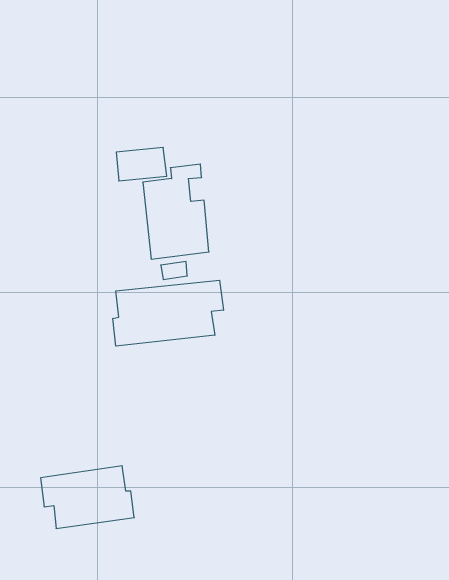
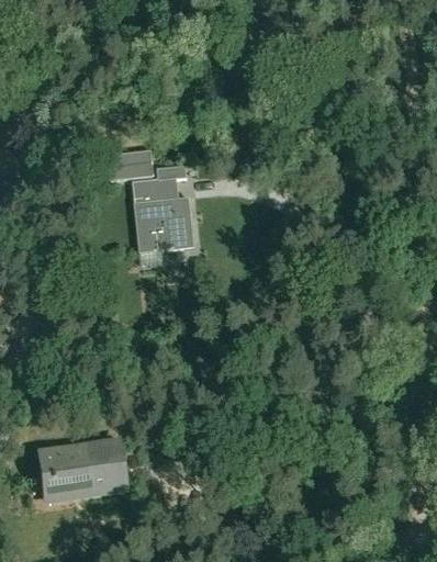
building: [113,280,223,346] -> none

